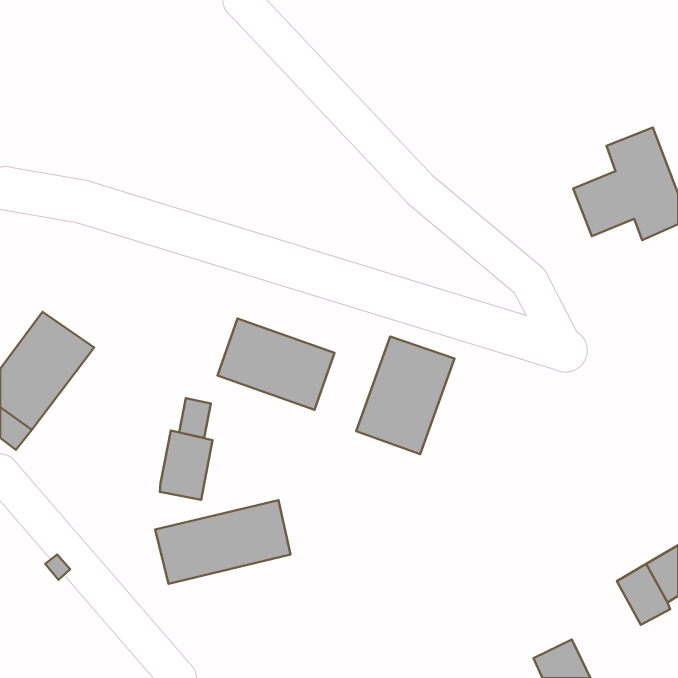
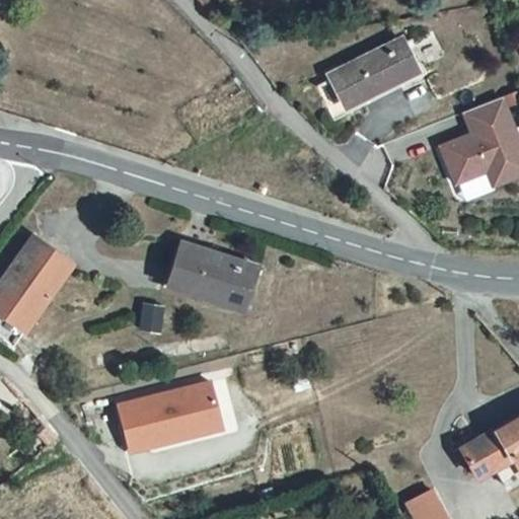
building: none -> [332,33,419,113]
building: [356,336,454,454] -> none
building: [160,431,213,500] -> none

